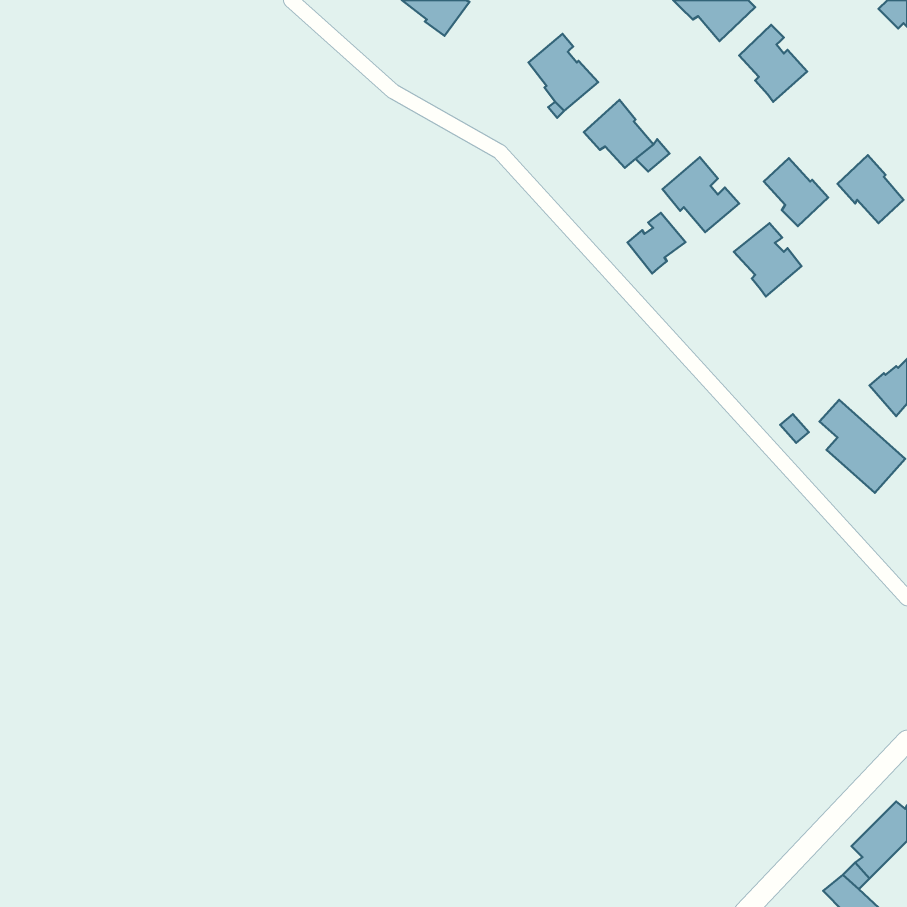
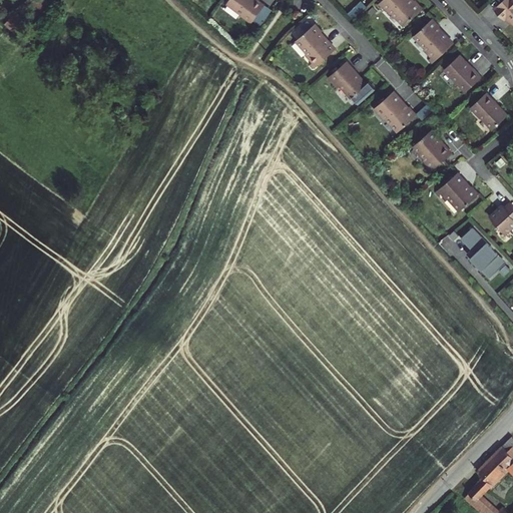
building: [764,158,828,226] -> [445,53,481,91]
building: [628,213,686,273] -> none
building: none -> [437,173,478,211]

